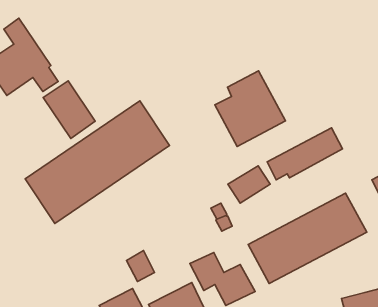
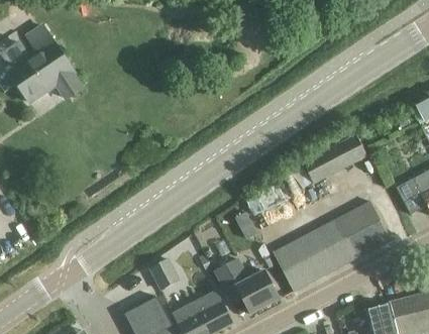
building: [215,71,286,147] -> none
building: [43,81,95,139] -> none
building: [25,101,169,223] -> none

